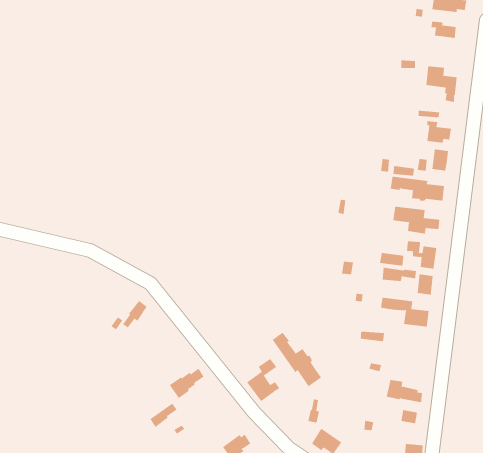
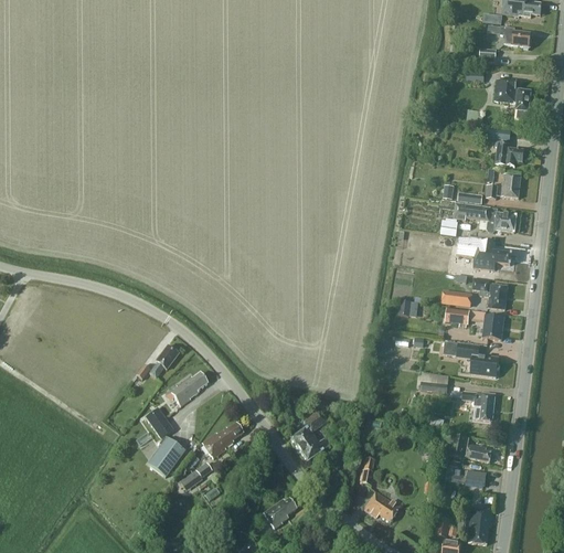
building: none -> [169,371,207,405]
building: [272,332,322,387] -> none
building: none -> [461,390,494,421]
building: none -> [145,407,184,476]

